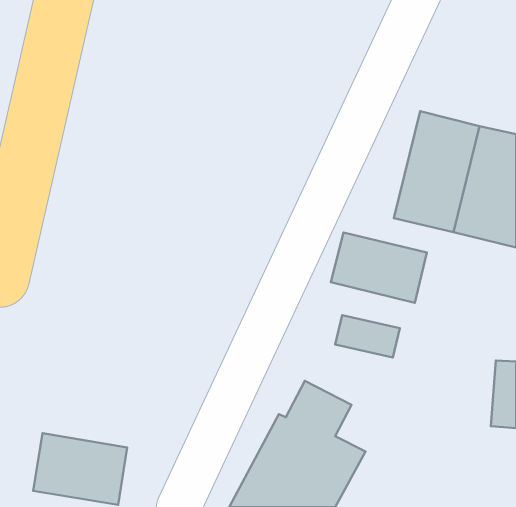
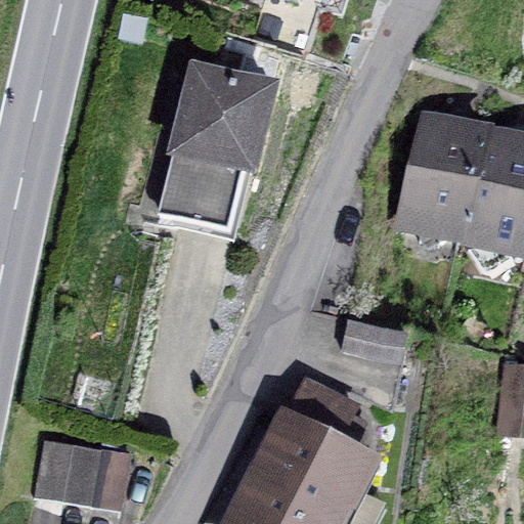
building: none -> [161,72,275,228]
building: [331,232,427,303] -> none

